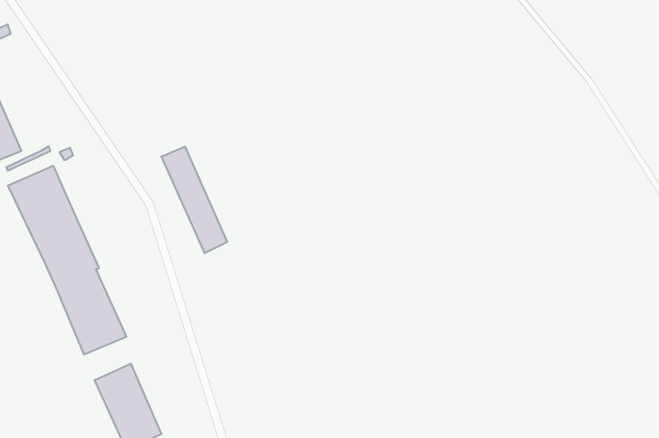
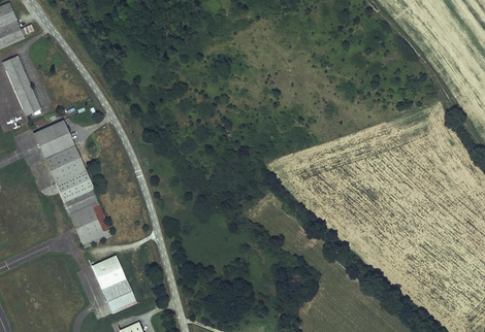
building: [161,147,227,253] -> none

